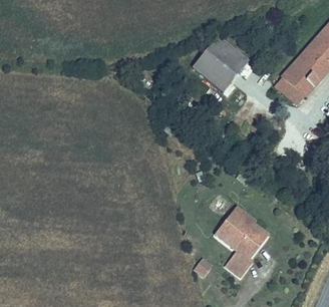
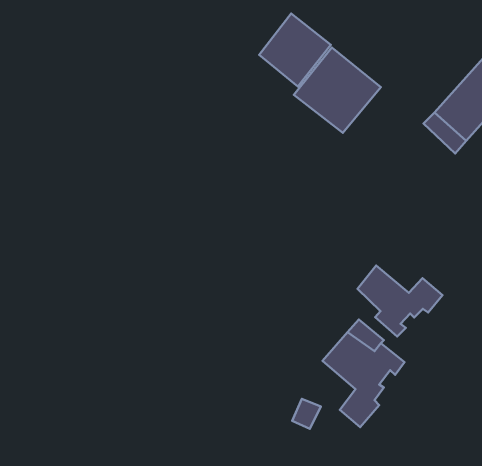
building: none -> [259,13,331,87]
building: none -> [358,266,443,337]

